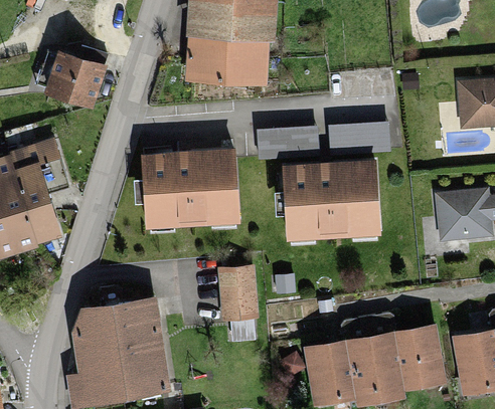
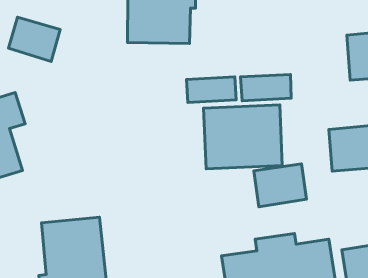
building: [138,148,235,226] -> none
building: none -> [254,164,307,207]
building: [216,262,262,327] -> none

